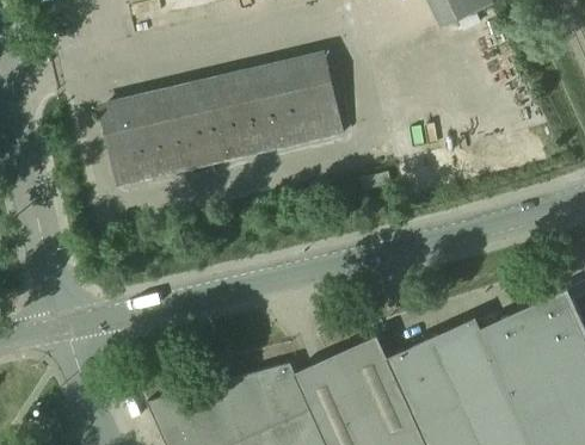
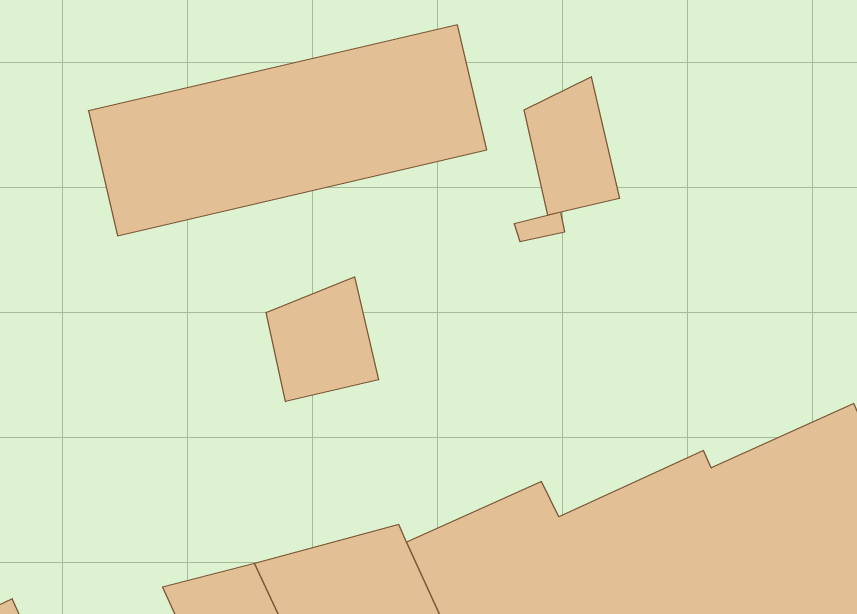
building: none -> [524,77,620,215]
building: none -> [266,277,379,402]

